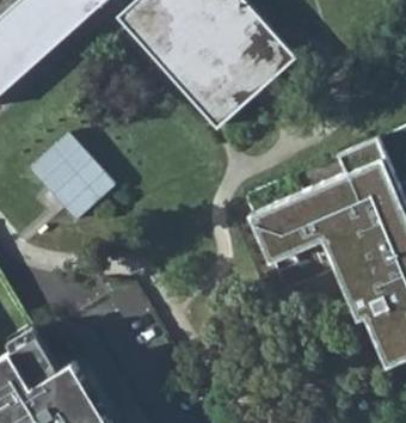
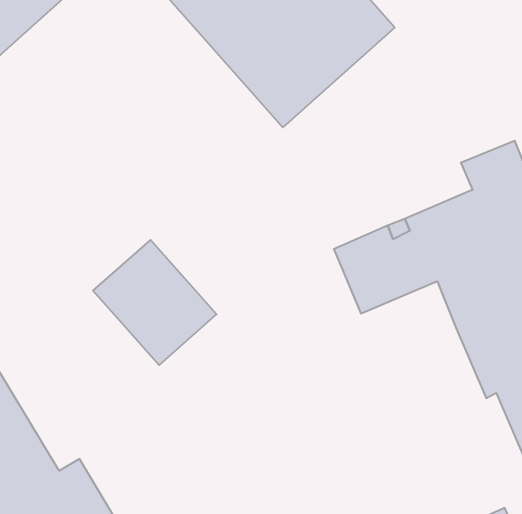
building: [27,131,115,220] -> [93,240,217,365]

